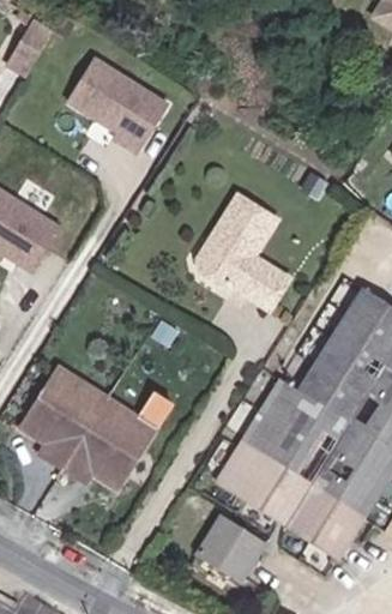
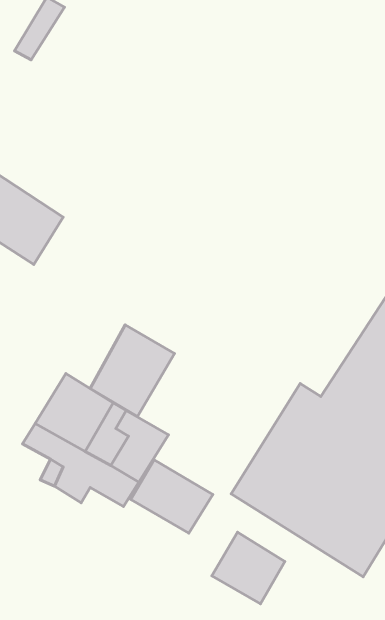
building: [65,55,164,149] -> none
building: [200,187,294,301] -> none
building: none -> [90,325,175,417]
building: none -> [131,460,213,533]

